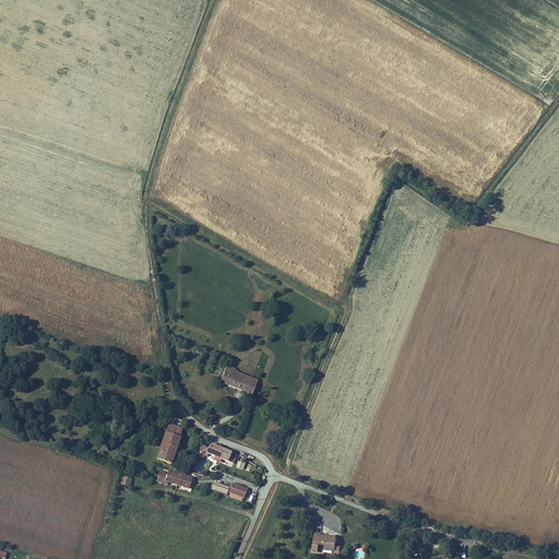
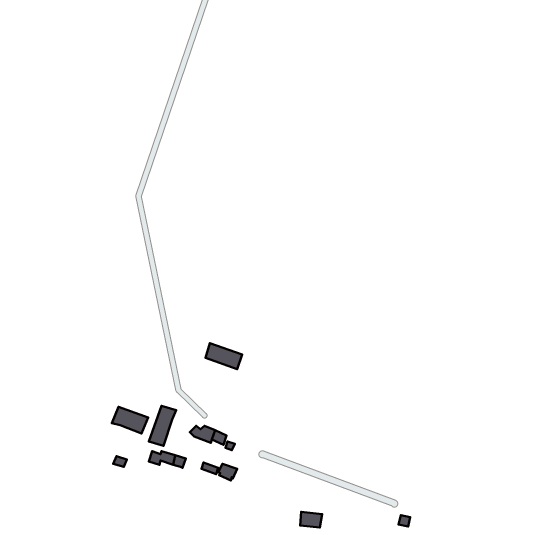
building: none -> [112,407,148,434]

